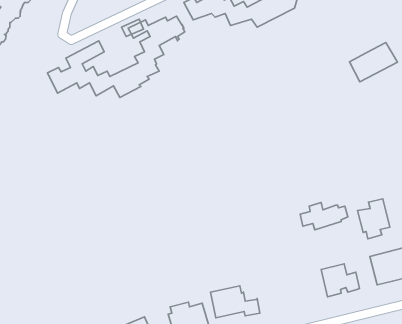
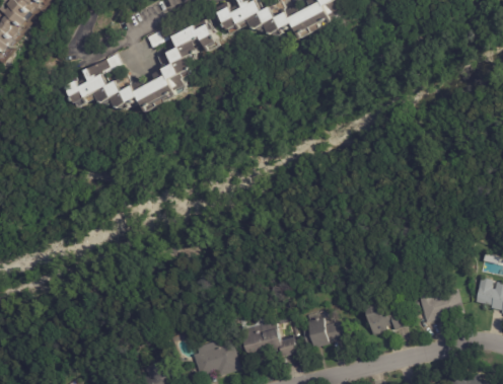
building: [349,43,398,82] -> none
building: [358,199,390,239] -> none
building: [300,202,348,230] -> [300,319,353,350]

